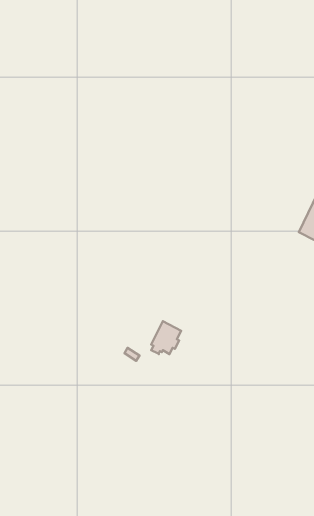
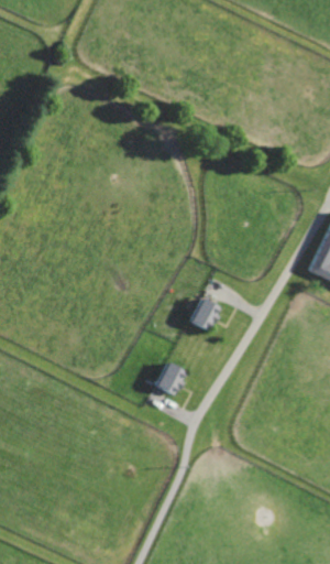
building: none -> [190,297,220,329]

